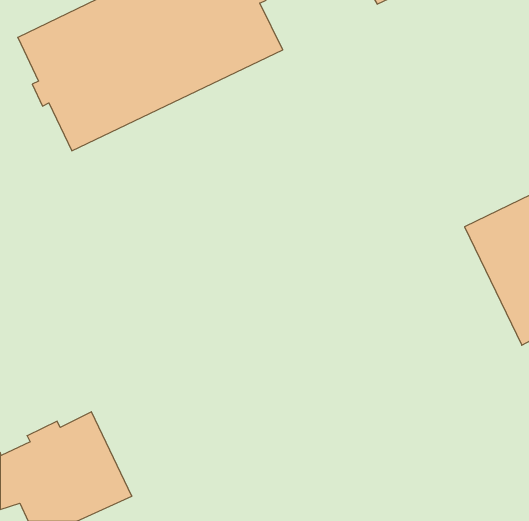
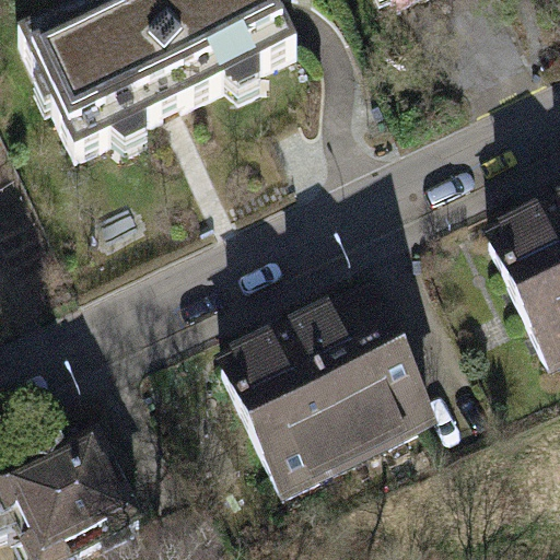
building: none -> [223,295,432,491]

